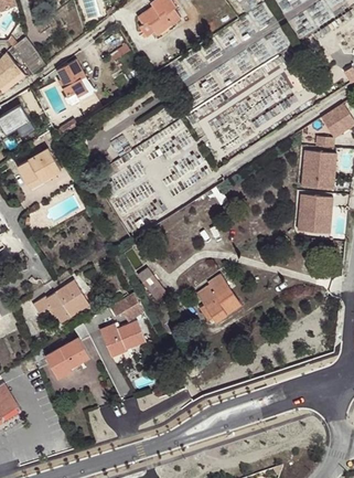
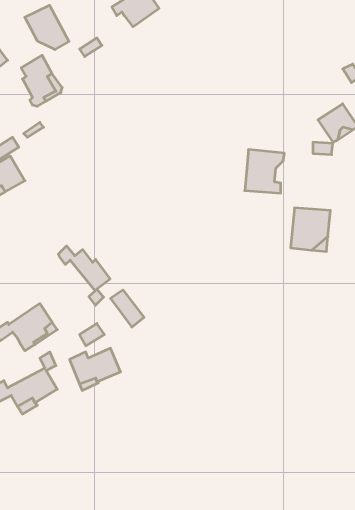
building: none -> [25,5,69,50]
building: [300,151,335,190] -> [245,150,284,193]
building: none -> [58,246,110,305]
building: [196,275,239,321] -> none

